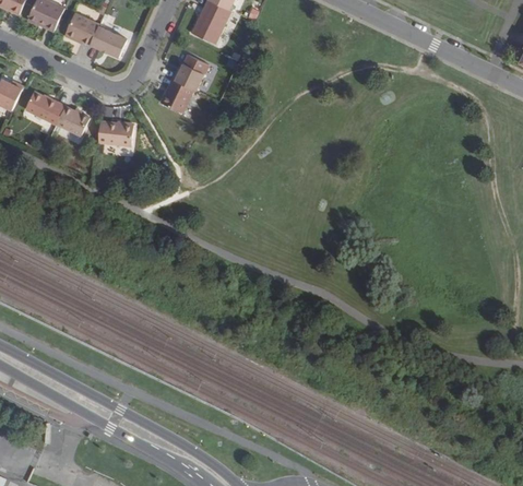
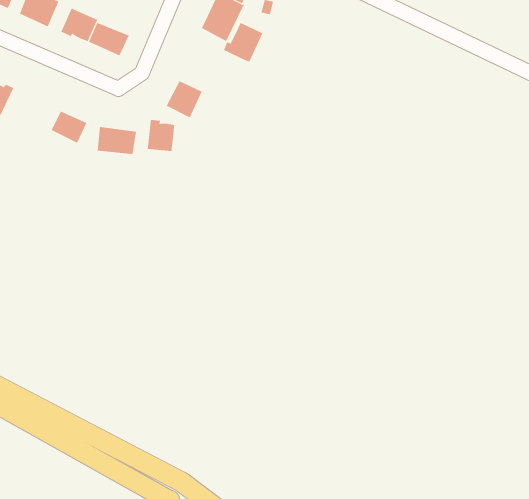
building: [171,54,207,90] -> [223,22,263,62]
building: [25,92,64,123] -> none
building: none -> [147,119,175,152]

